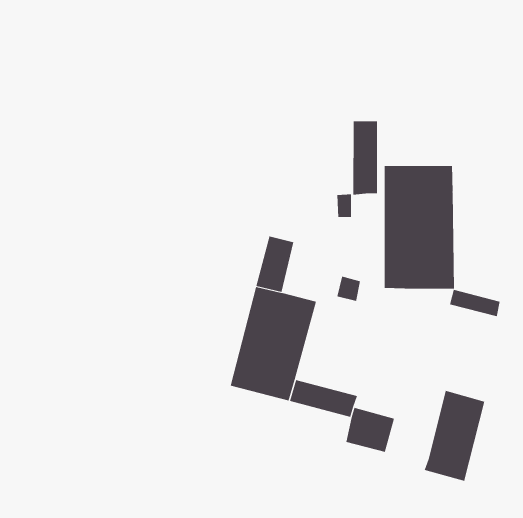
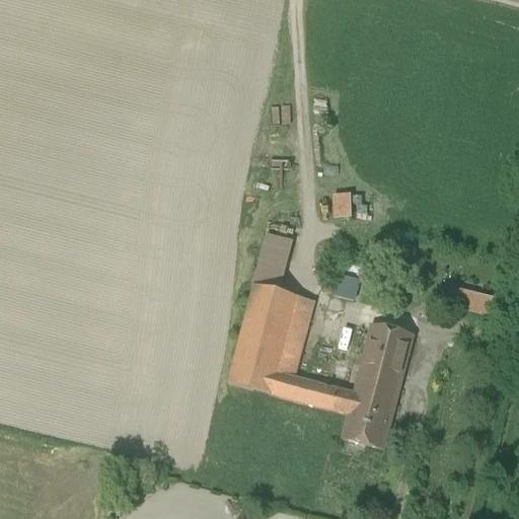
building: [353,120,378,195] -> none
building: [384,165,455,289] -> none
building: [424,390,485,482] -> [351,323,412,414]

